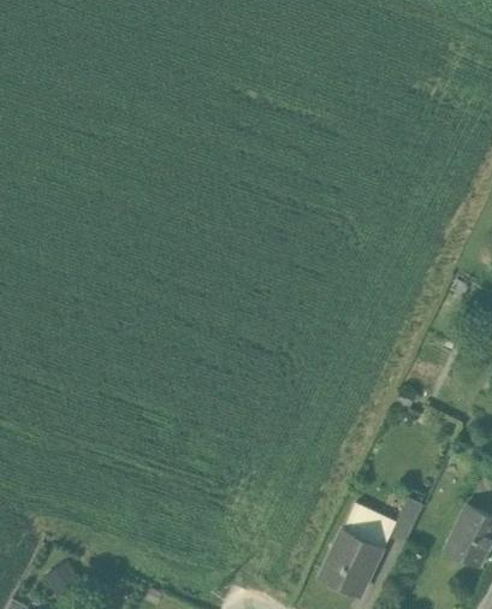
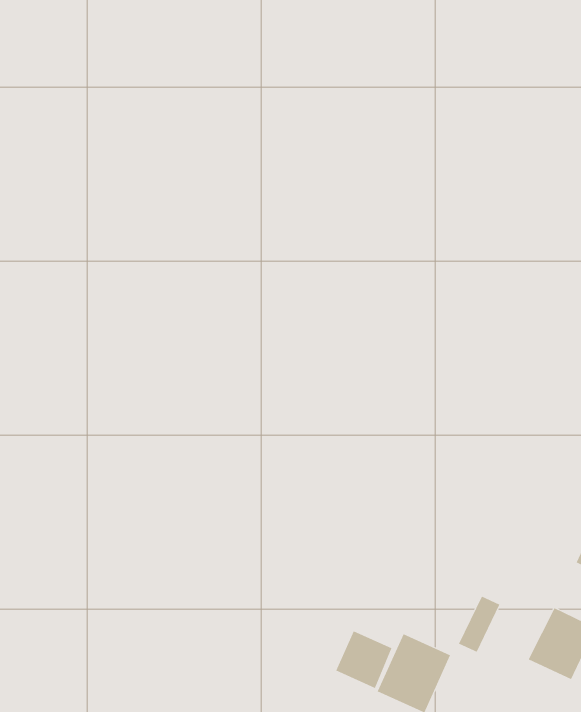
building: none -> [336,631,392,689]

